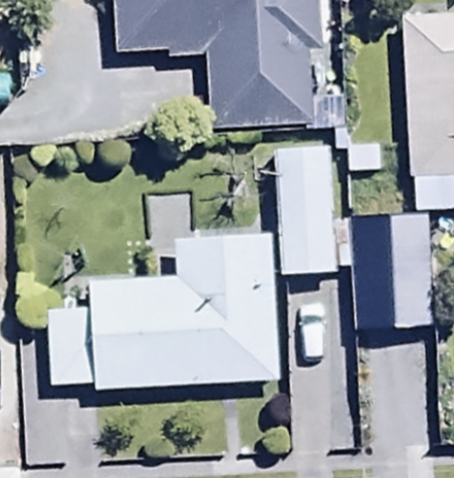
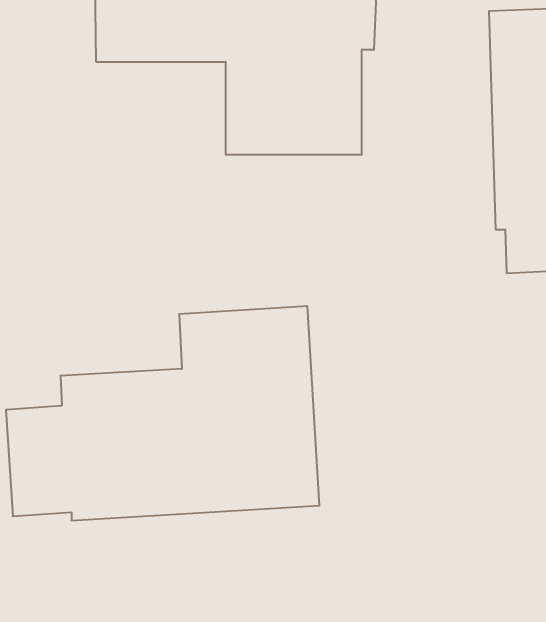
building: [273,145,338,274] -> none
building: [352,211,435,329] -> none

